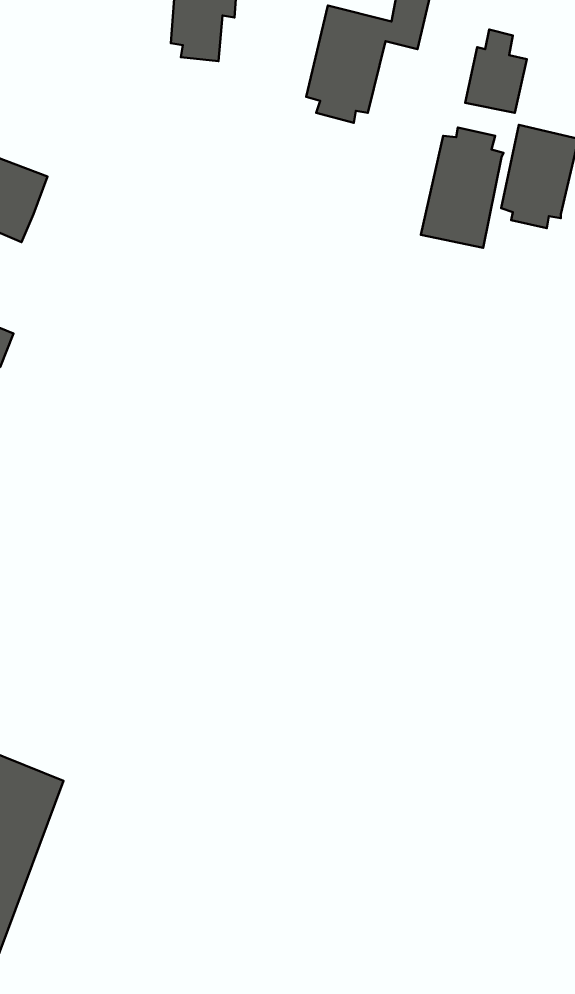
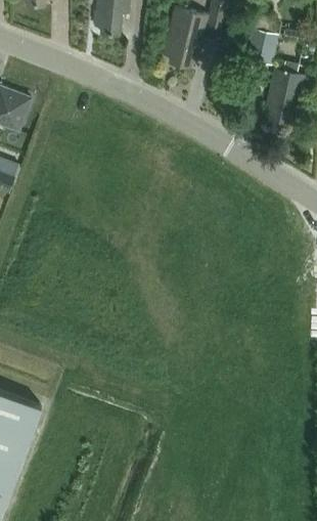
building: [421,128,503,248] -> none

